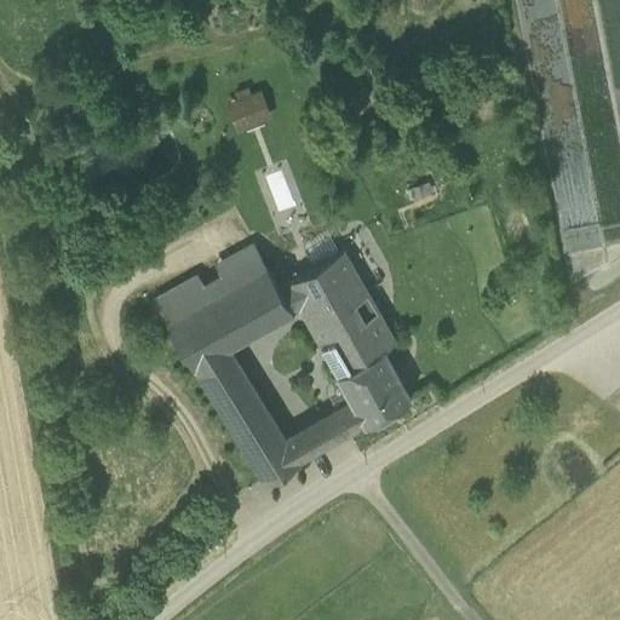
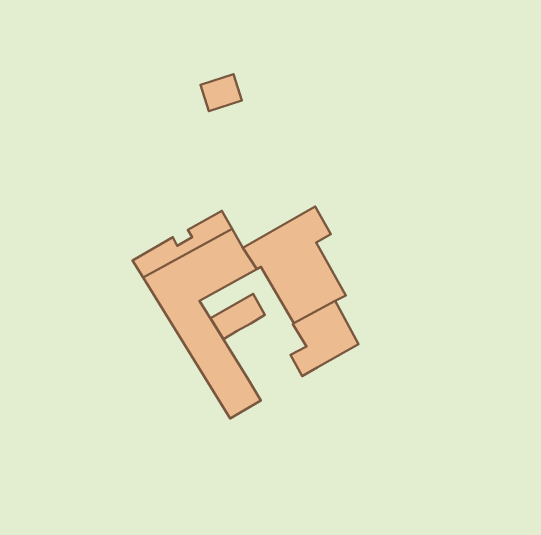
building: [285,413,346,465] -> [211,294,265,339]

